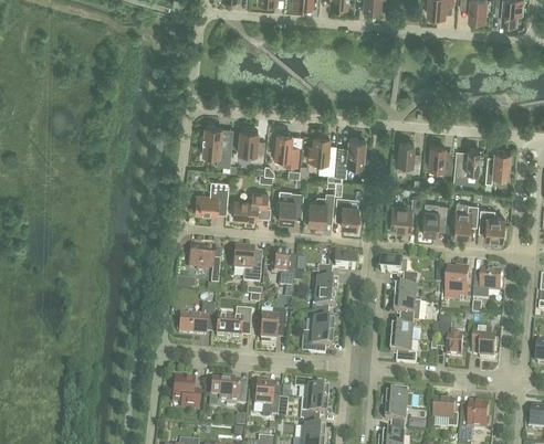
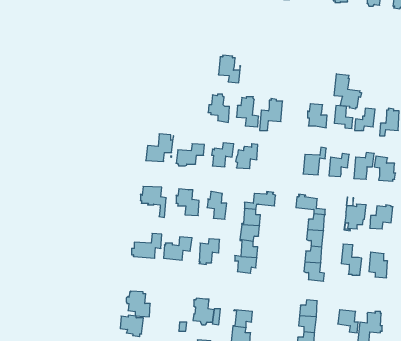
building: none -> [334,74,362,109]
building: [200,124,231,166] -> none
building: [237,127,264,161] -> [218,55,241,83]
building: [335,195,359,226] -> none
building: [293,378,327,401] -> none
building: [210,379,239,405] -> [120,315,143,337]

